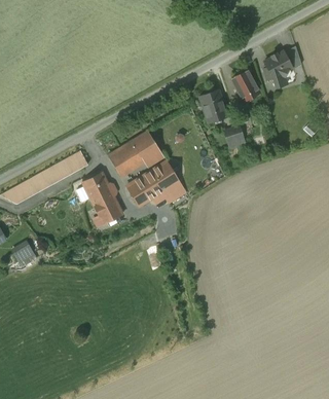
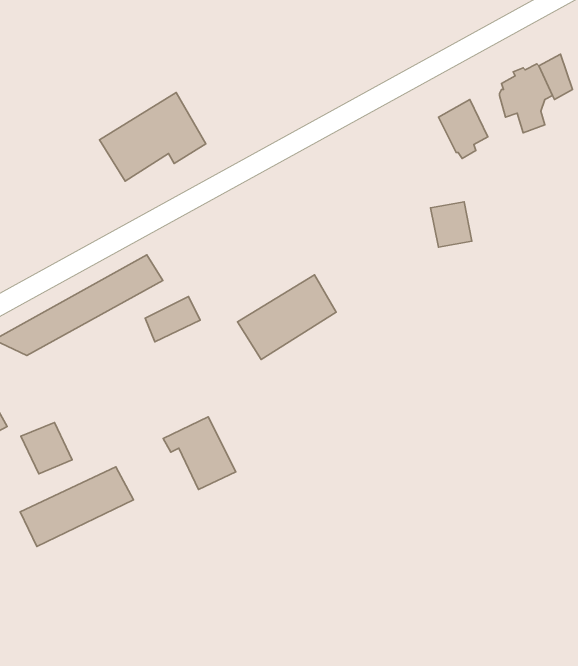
building: [198,89,227,123] -> none
building: [108,131,163,177] -> [99,93,206,181]
building: [83,185,121,223] -> [163,417,236,490]
building: none -> [20,467,134,547]

